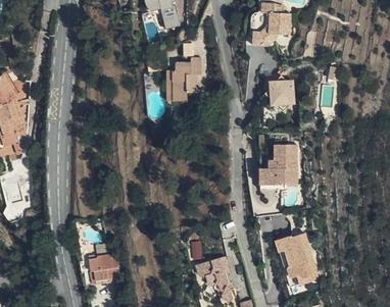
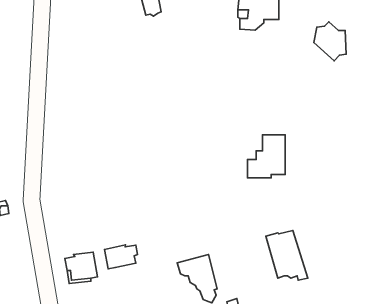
building: [173,58,200,102] -> none
building: [265,71,296,108] -> [314,22,346,61]
building: none -> [105,245,137,269]

